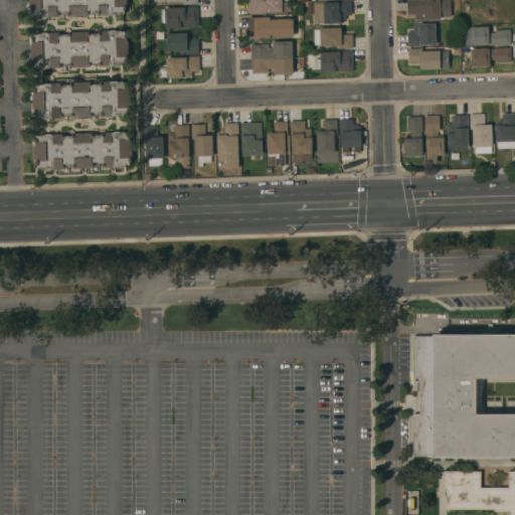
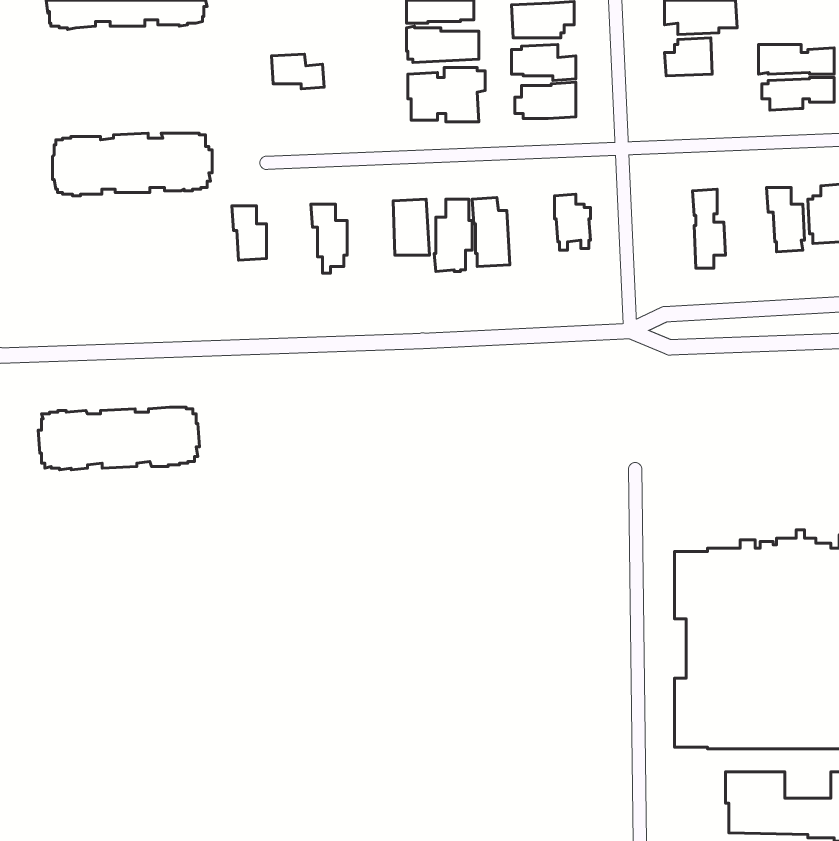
building: [162,7,199,29] -> none
building: [31,30,129,68] -> none
building: [408,48,450,69] -> none
building: [166,56,200,78] -> none
building: [448,116,469,149] -> none
building: [404,117,423,157] -> none
building: [317,120,339,163] -> none
building: [217,123,239,169] -> none
building: [168,125,190,168] -> none
building: [34,132,133,170] -> [38,407,199,470]

